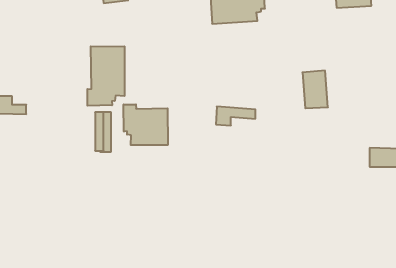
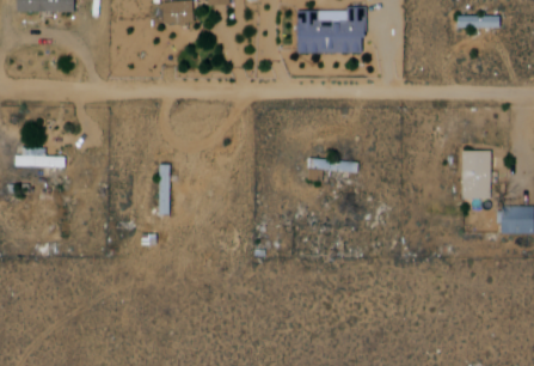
building: [87,46,124,106] -> none
building: [302,71,328,108] -> [461,150,493,197]
building: [124,104,168,145] -> none

